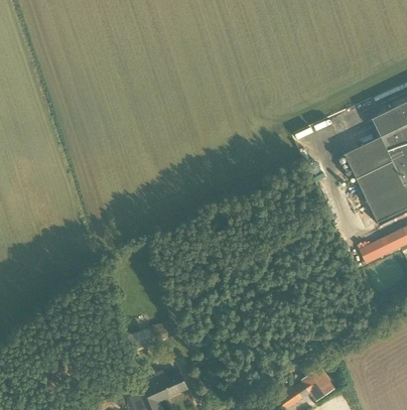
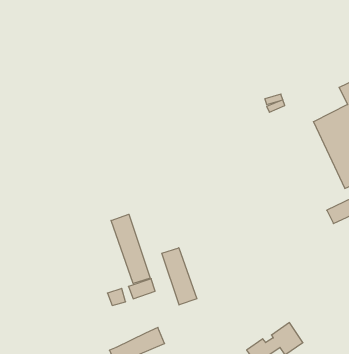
building: none -> [111,214,150,284]
building: none -> [162,248,197,305]

